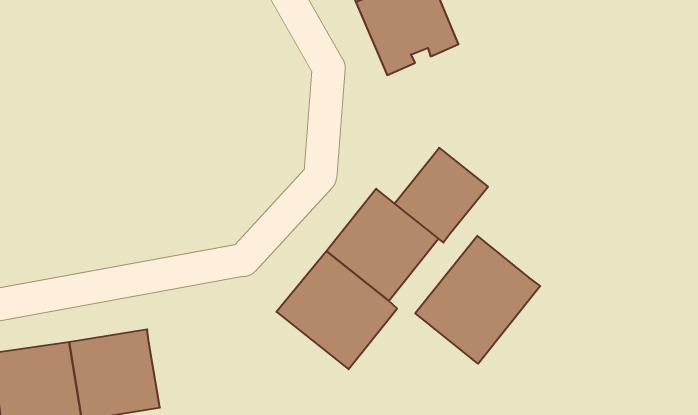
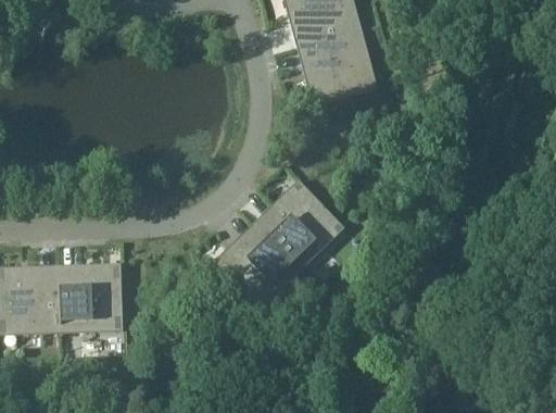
building: [395,148,488,243] -> none
building: [415,236,540,364] -> none

